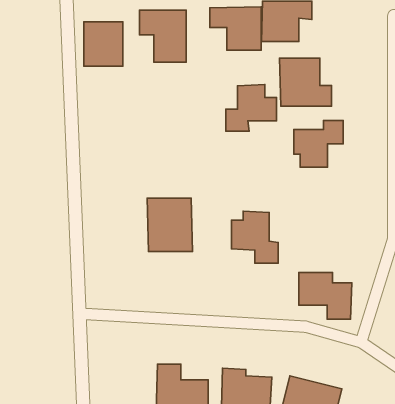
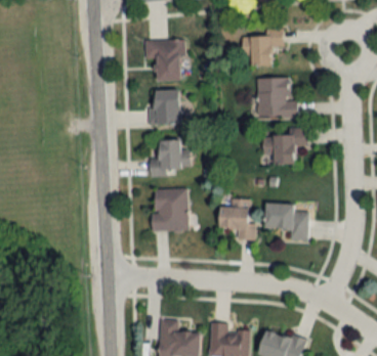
building: [210,7,261,50] -> none
building: [84,22,123,66] -> [149,90,179,125]
building: [226,85,276,131] -> [150,139,190,176]
building: [299,273,352,319] -> [266,203,308,239]

